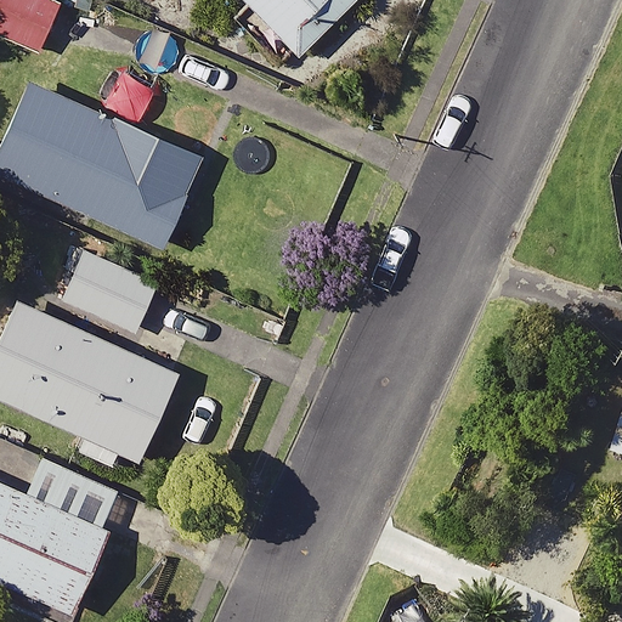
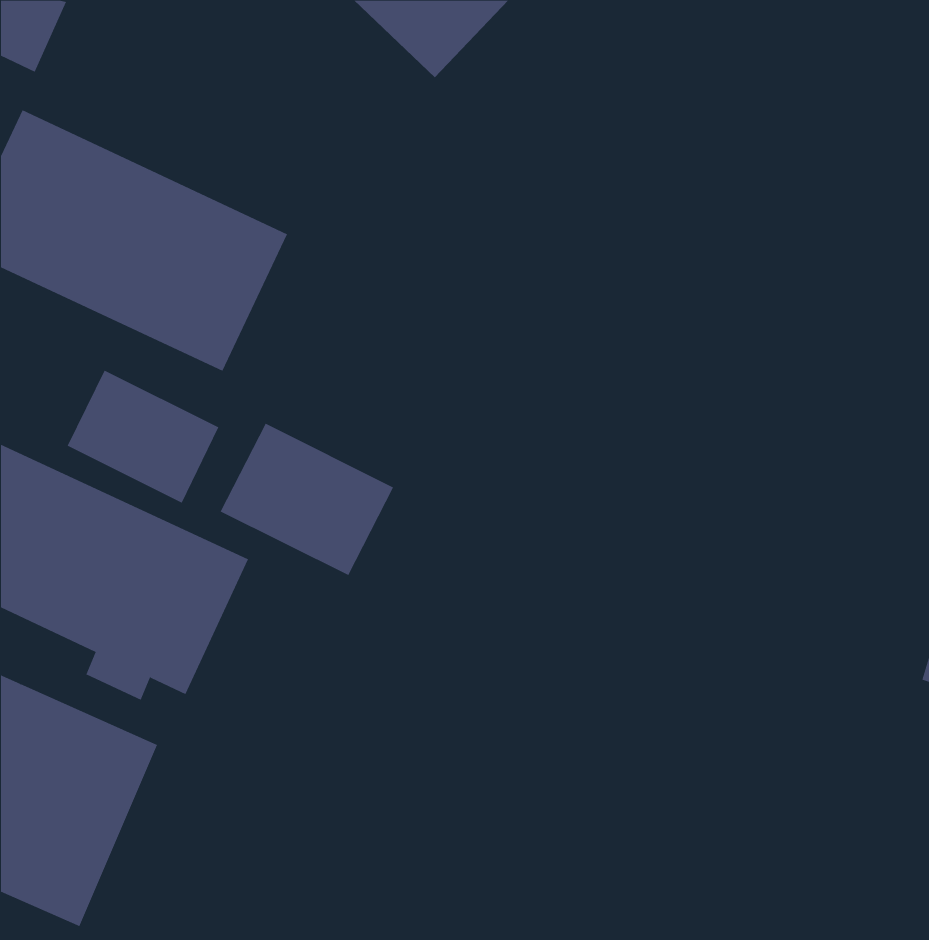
building: none -> [220,423,394,576]

